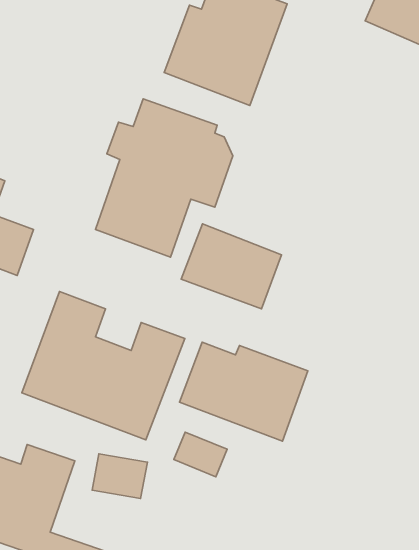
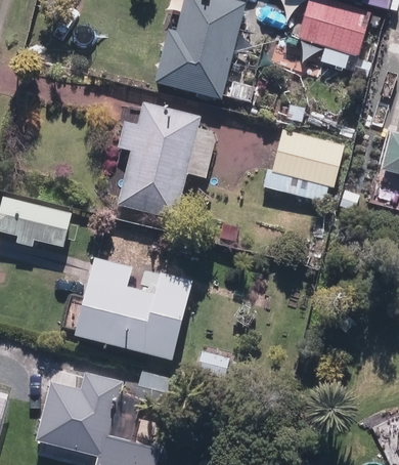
building: [181,224,281,309] -> [269,129,342,187]
building: [180,342,308,441] -> none

